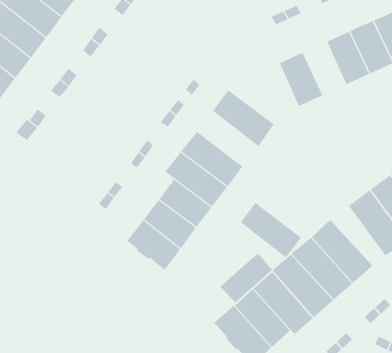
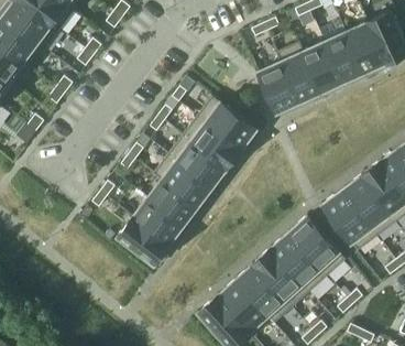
building: none -> [276,43,320,102]
building: [240,202,302,258] -> [183,117,240,169]
building: [219,252,273,303] -> none

